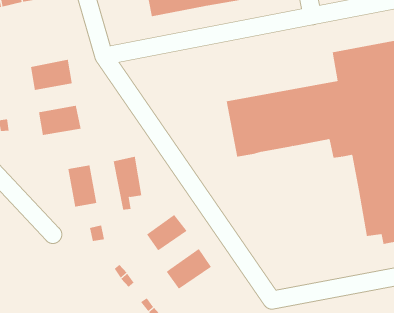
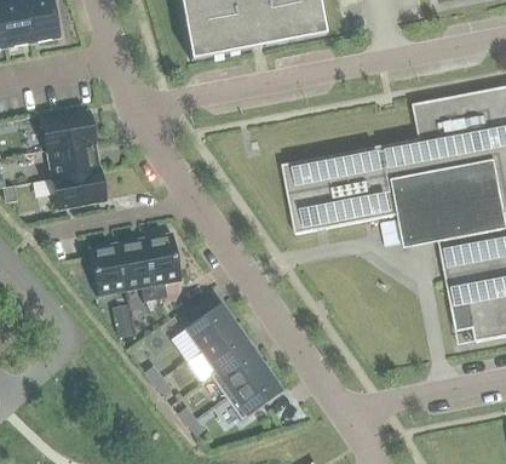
building: none -> [46,142,98,177]
building: none -> [115,237,155,300]
building: none -> [199,323,249,371]
building: none -> [224,368,281,419]

